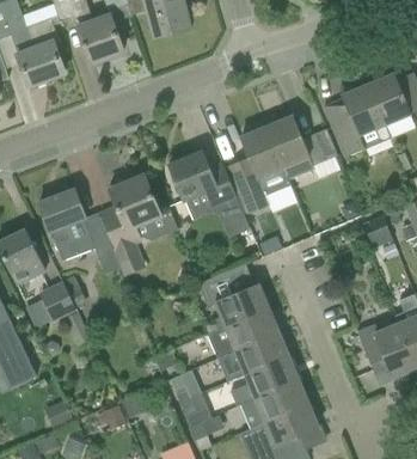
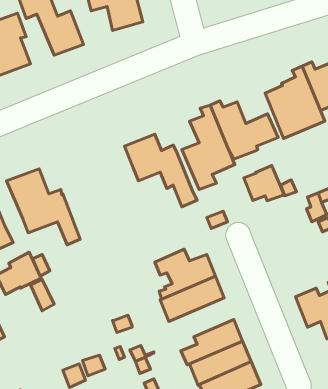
building: [100,176,164,276] -> none
building: none -> [244,166,284,201]
building: [217,332,289,381] -> none

